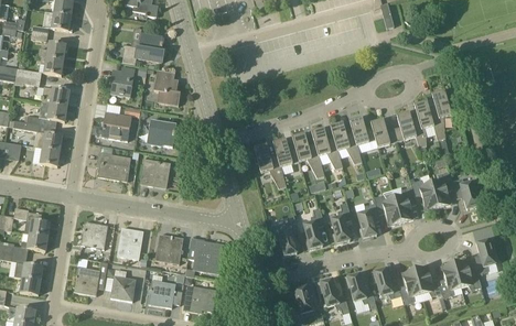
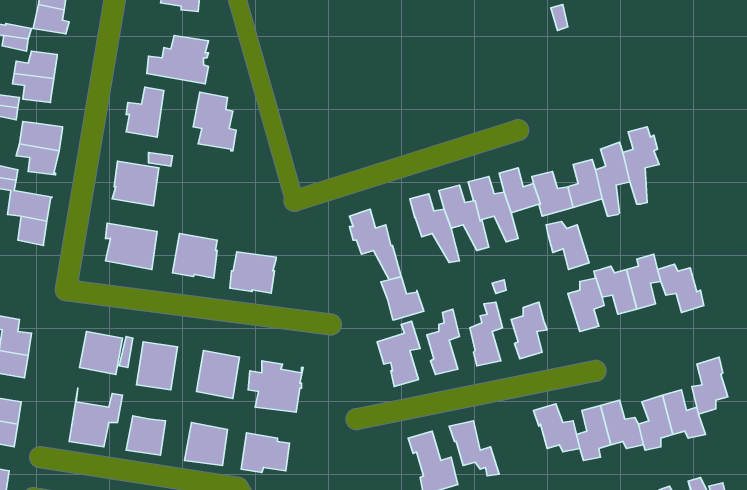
building: [147,120,176,146] -> [230,252,276,293]
building: [272,139,300,166] -> [381,277,424,320]
building: [374,195,401,226] -> [546,221,589,270]
building: [345,273,376,308] -> none

